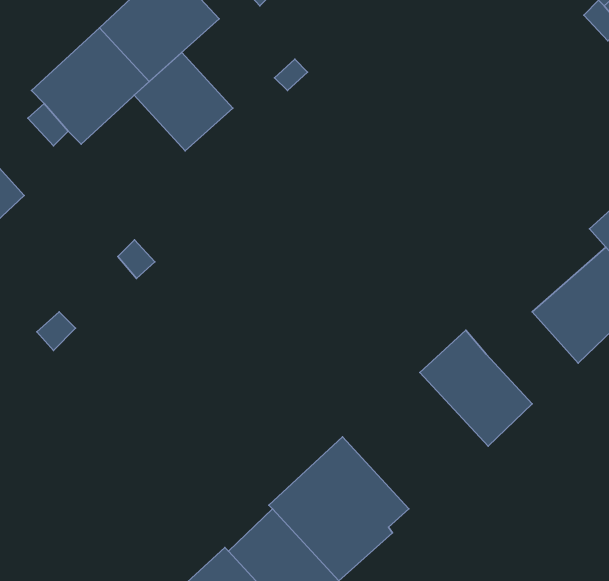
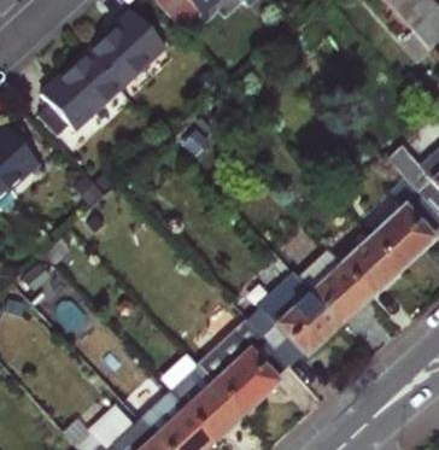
building: [134,53,233,151] -> none
building: none -> [339,239,399,299]
building: none -> [245,276,340,368]

